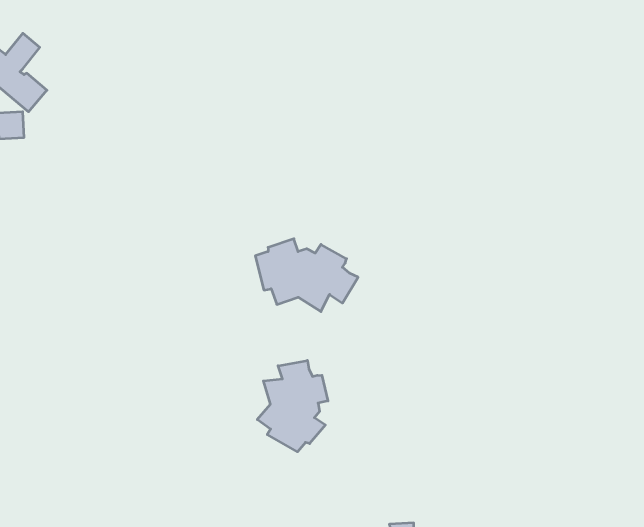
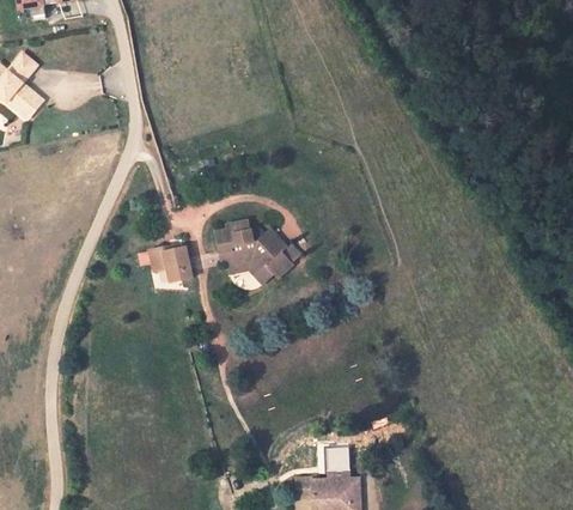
building: none -> [151,254,195,291]
building: [257,360,328,452] -> none

